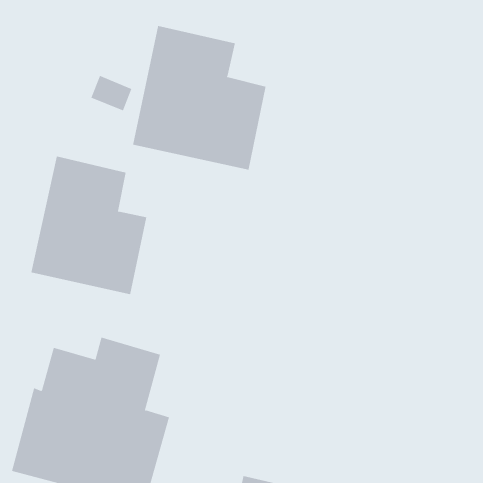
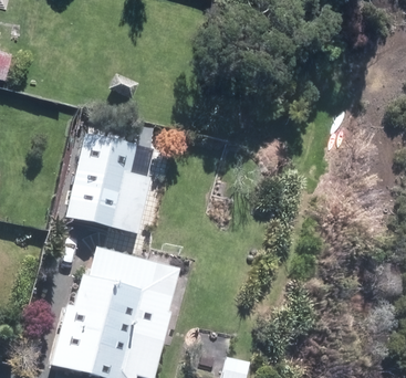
building: [132,25,266,171] -> none

